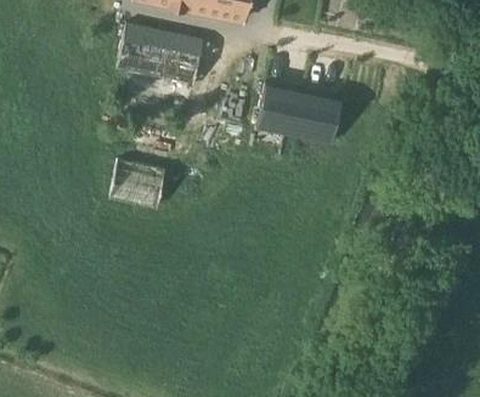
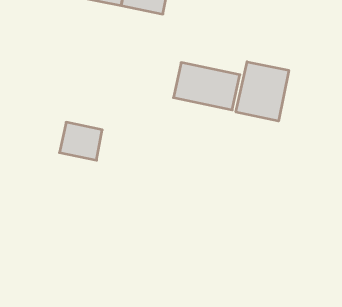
building: [119,24,203,87] -> none
building: none -> [236,62,289,121]

